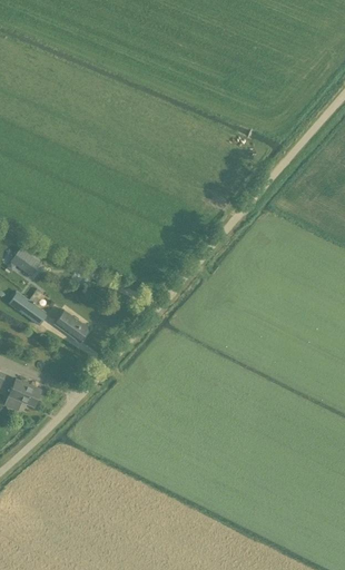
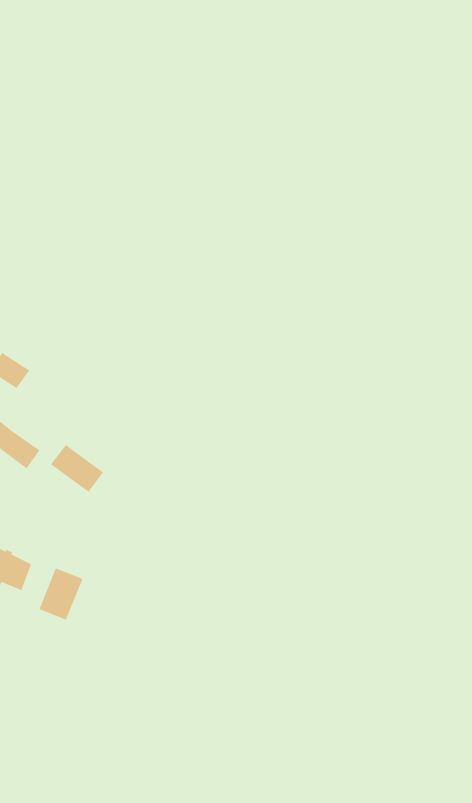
building: none -> [39,568,83,620]

